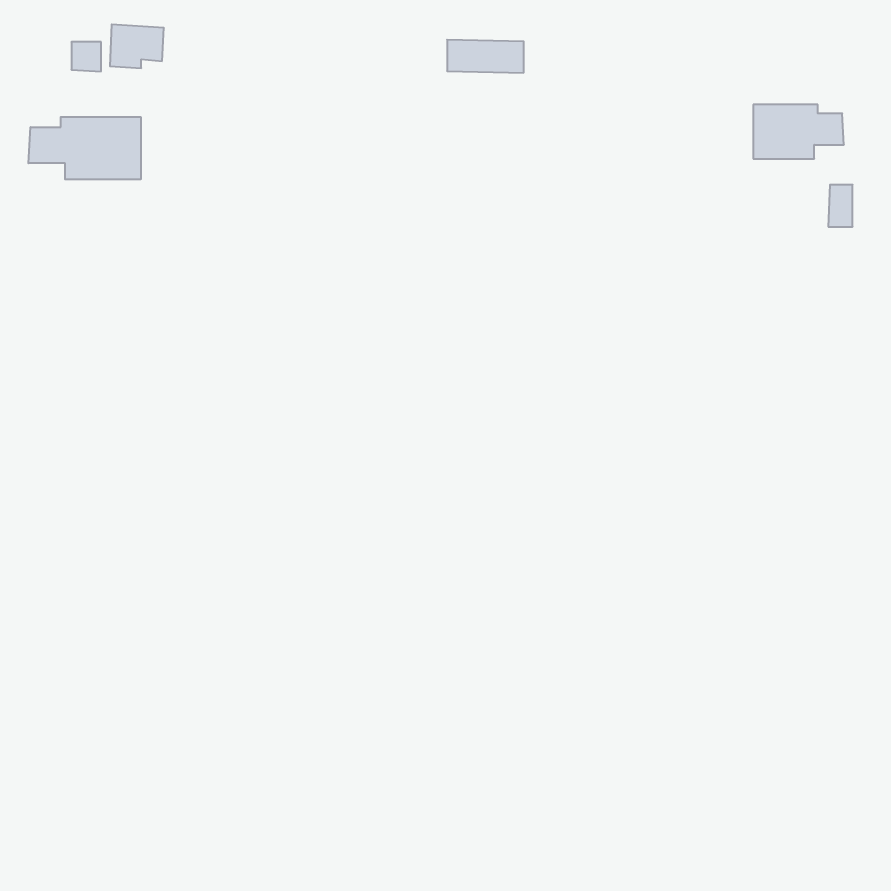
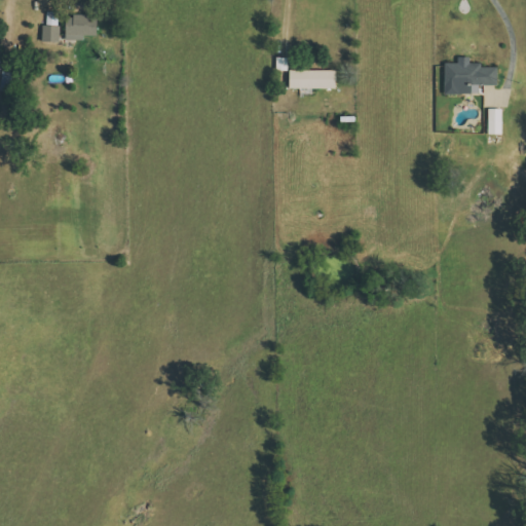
building: [447,40,524,73] -> [289,69,334,88]
building: [28,117,141,179] -> none

